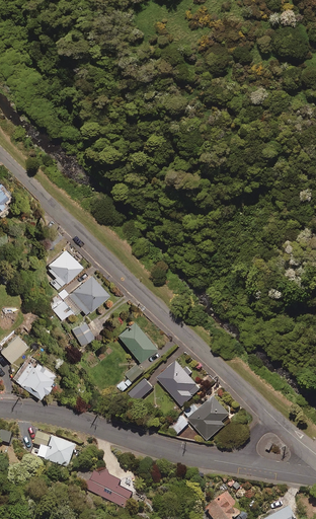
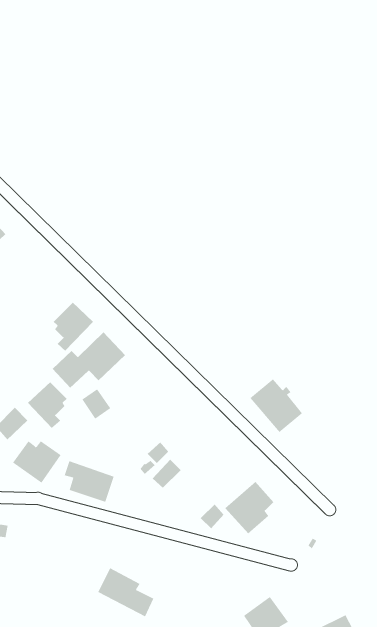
building: none -> [27,381,67,429]
building: [116,321,156,363] -> none
building: [157,362,201,406] -> [250,379,303,433]
building: [33,433,75,467] -> [64,461,115,503]

